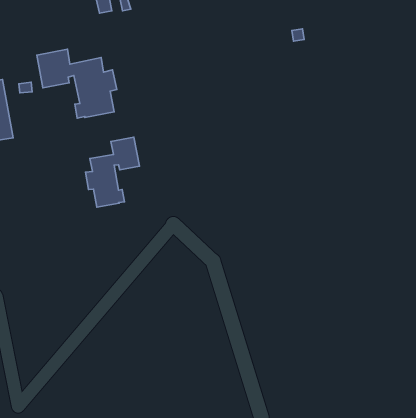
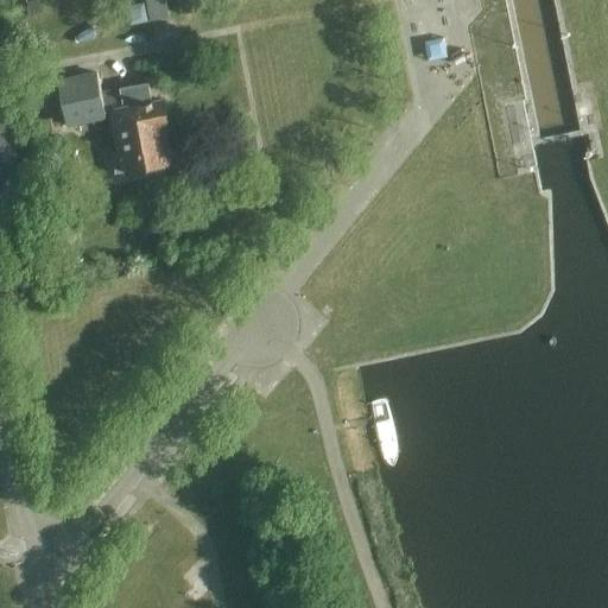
building: [85,137,140,207] -> none

